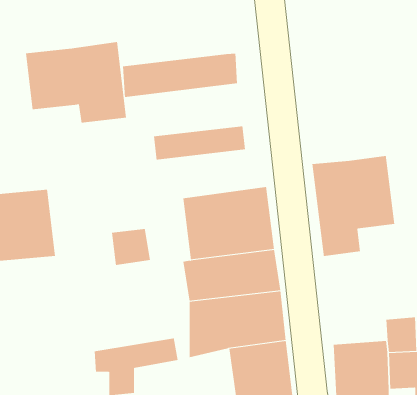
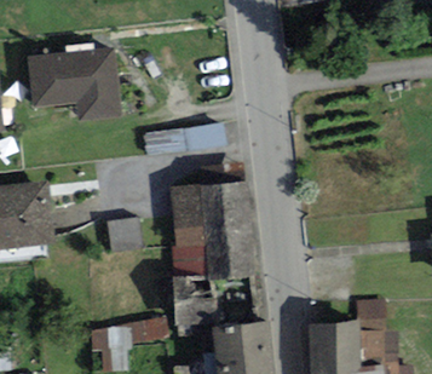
building: [123,53,238,98] -> none
building: [312,155,395,257] -> none

